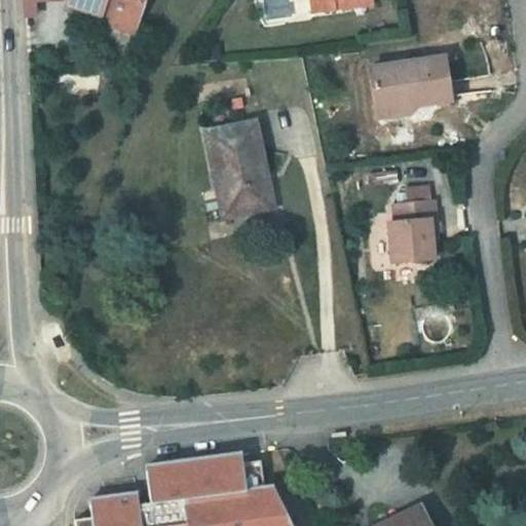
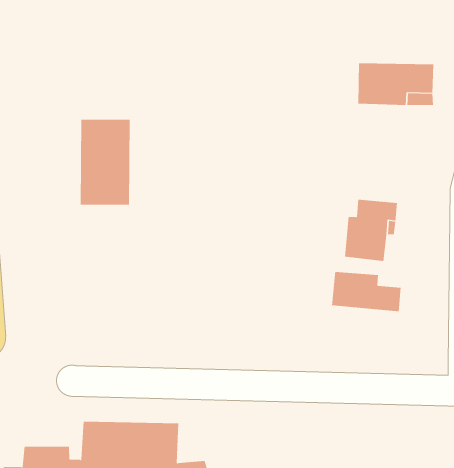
building: [205,125,266,217] -> [80,119,131,205]
building: none -> [331,271,401,312]

